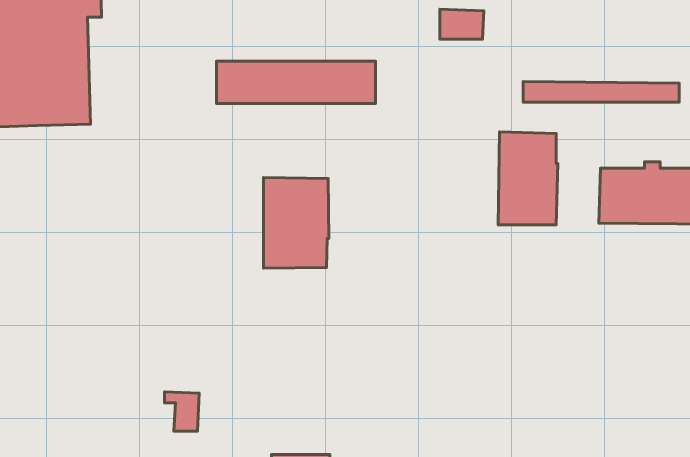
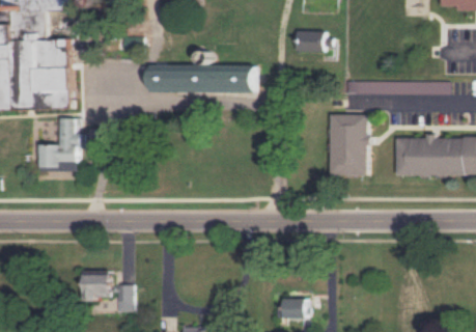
building: none -> [35,119,77,174]
building: [264,178,329,268] -> none
building: none -> [83,269,111,301]
building: none -> [284,298,307,317]

